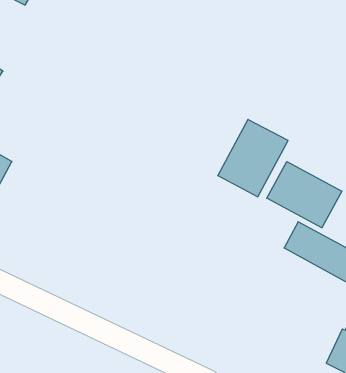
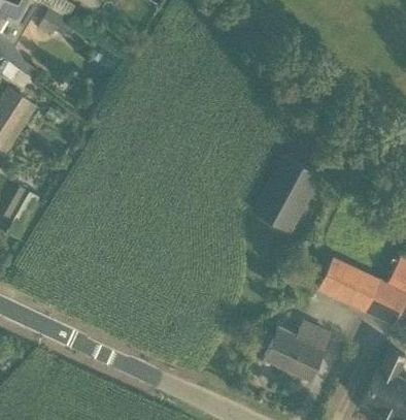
building: [267,162,342,228] -> none
building: none -> [264,323,329,379]

